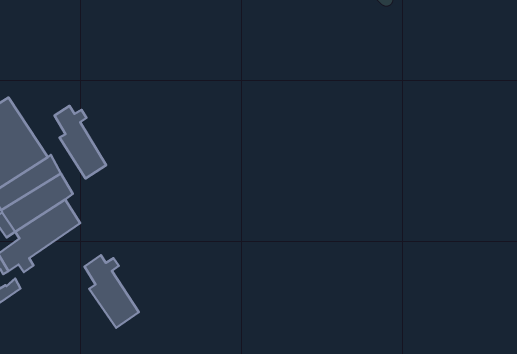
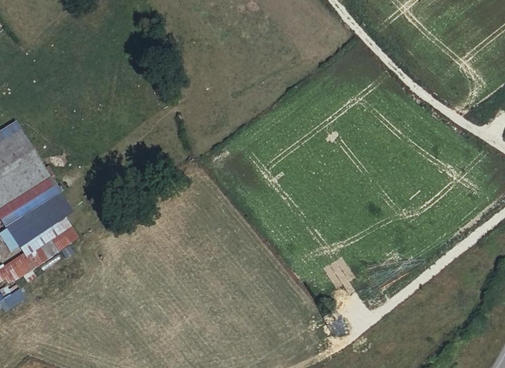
building: [55,106,106,178] -> none
building: [84,255,139,328] -> none

